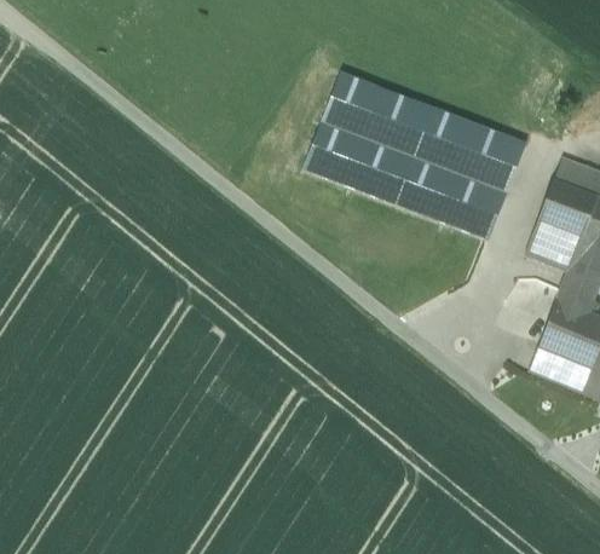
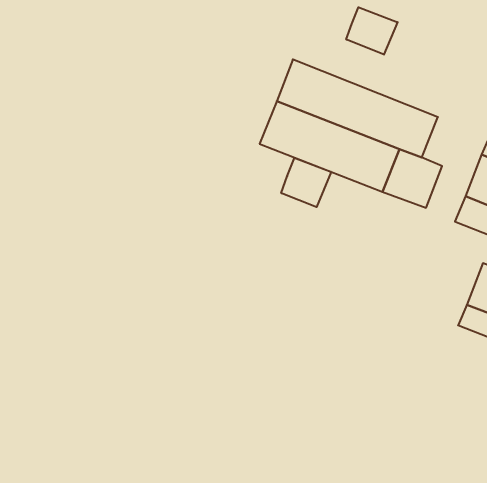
building: none -> [346,7,398,55]
building: [488,135,529,191] -> none
building: none -> [281,158,331,207]

